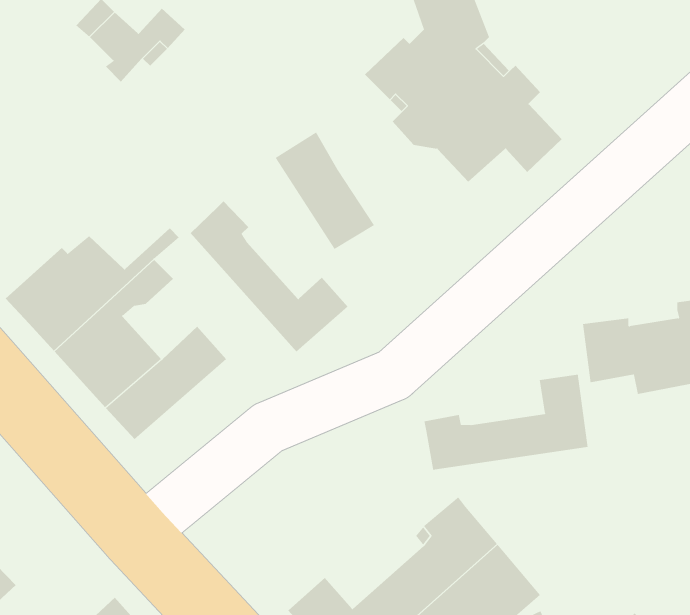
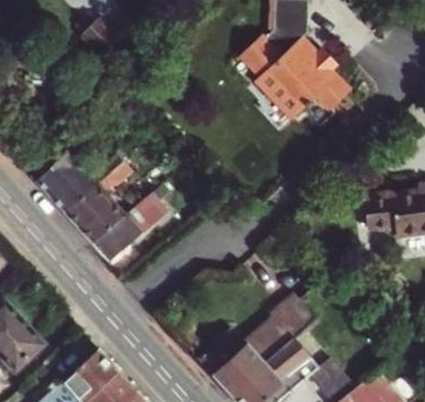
building: [275,131,375,250] -> none
building: [190,200,348,352] -> none
building: [424,374,588,470] -> none

